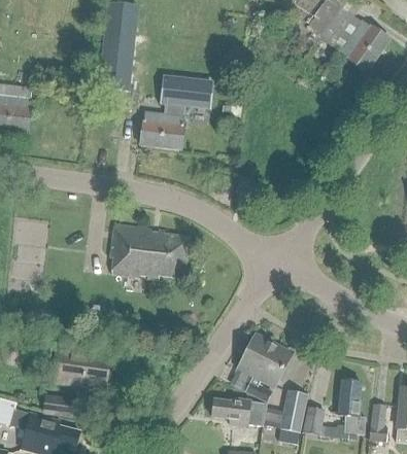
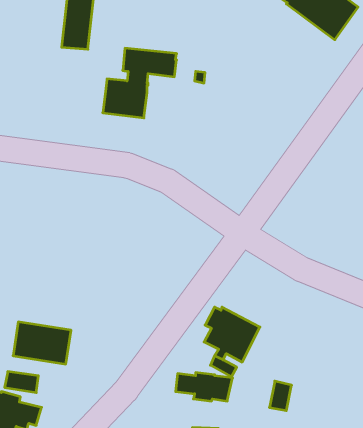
building: [110,222,190,279] -> none
building: [339,379,367,438] -> none
building: [277,389,308,443] -> none
building: [370,401,388,439] -> none

